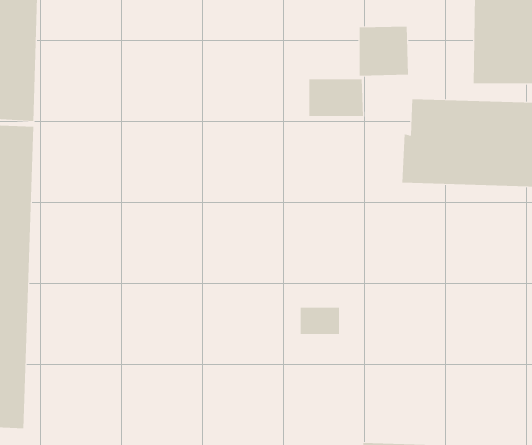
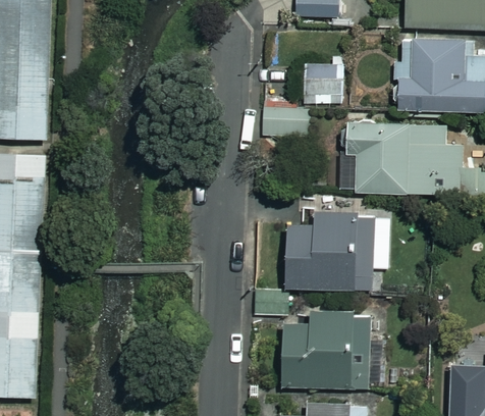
building: none -> [287,214,390,291]
building: none -> [283,312,374,387]

